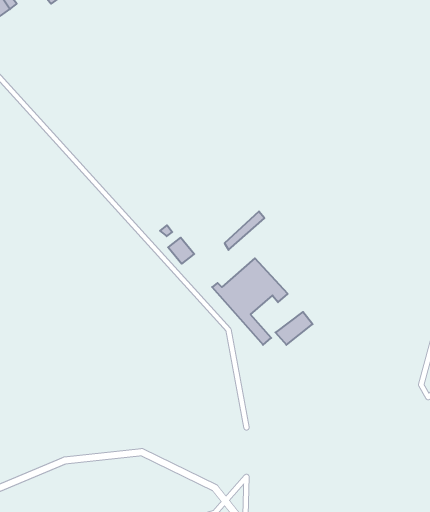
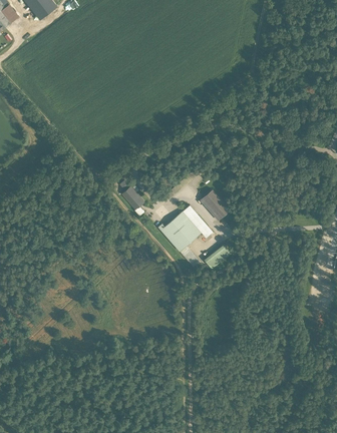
building: none -> [201,188,231,219]

